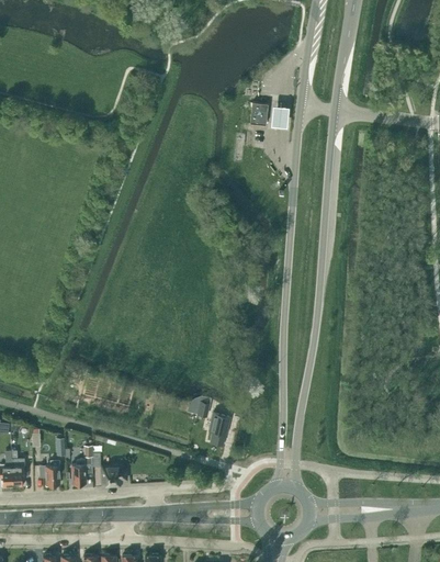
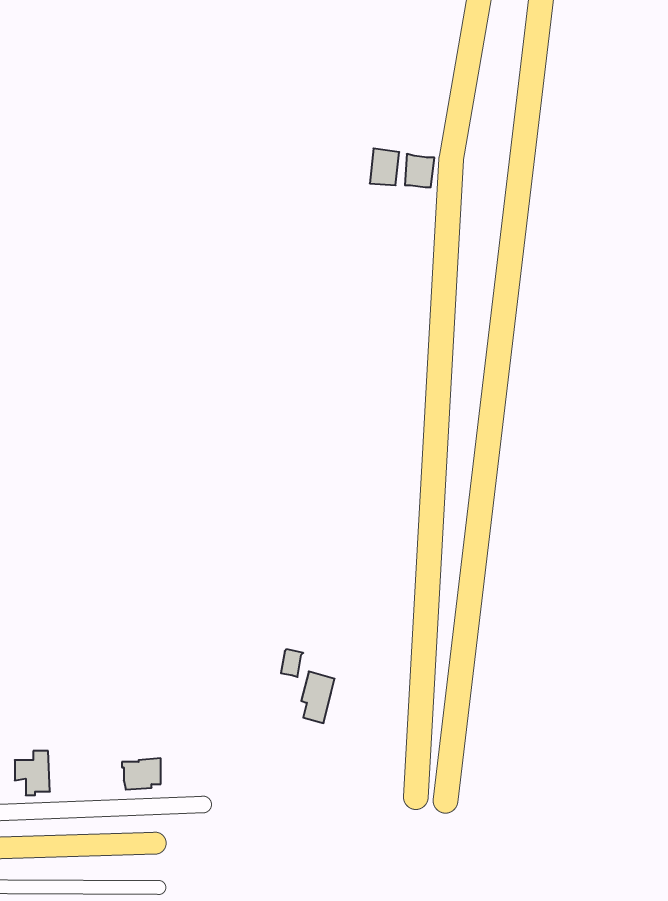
building: [70,447,92,486] -> none

